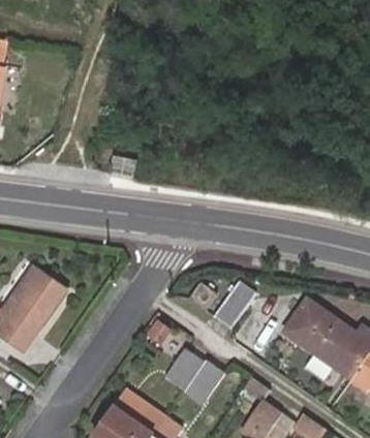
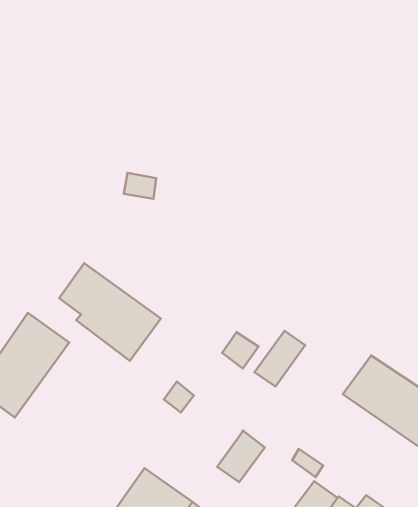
building: none -> [59,263,161,361]
building: [164,348,204,389] -> none

